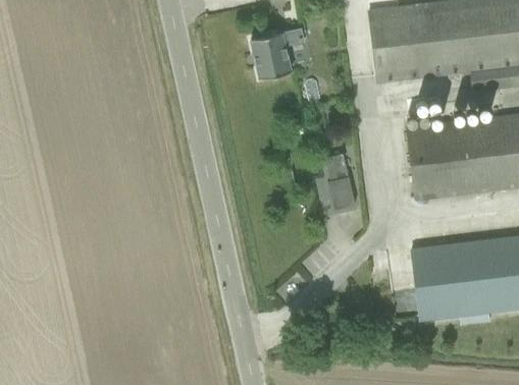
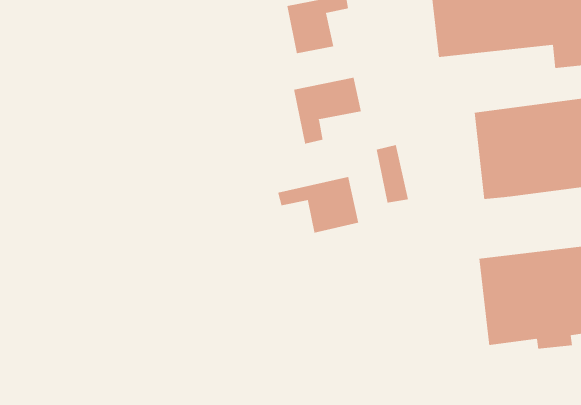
building: none -> [293,77,361,145]
building: none -> [277,176,359,234]

